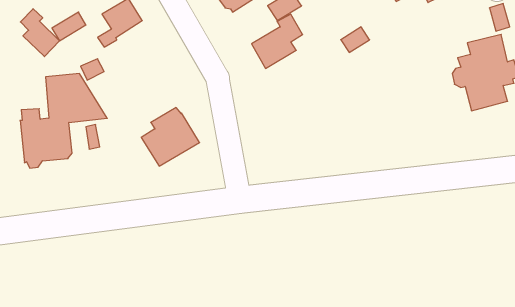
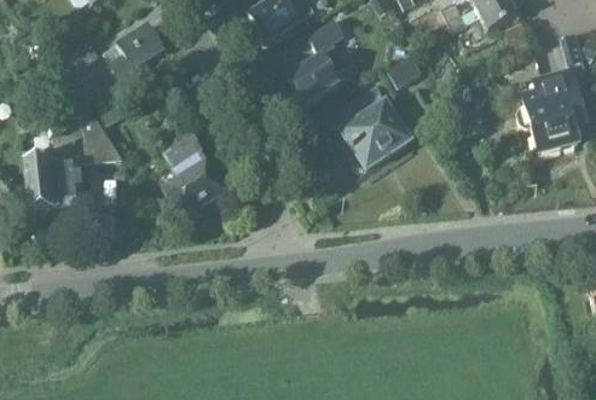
building: [20,9,59,57] -> none
building: none -> [337,86,409,172]
building: none -> [162,129,203,167]

